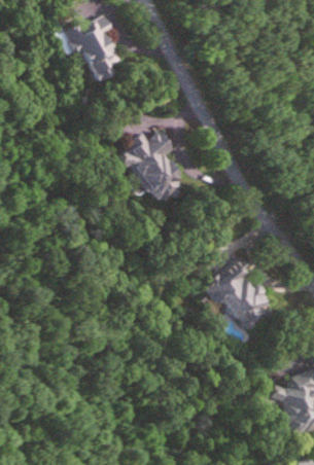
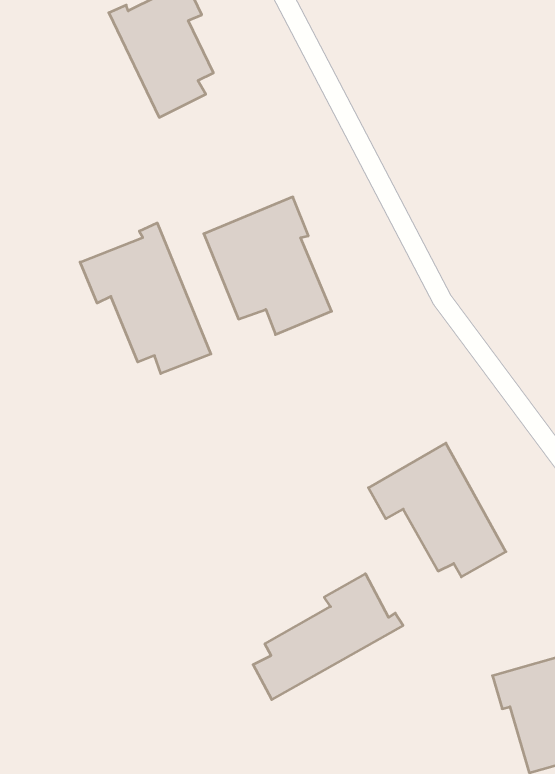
building: none -> [80,223,211,374]
building: none -> [253,574,403,700]

